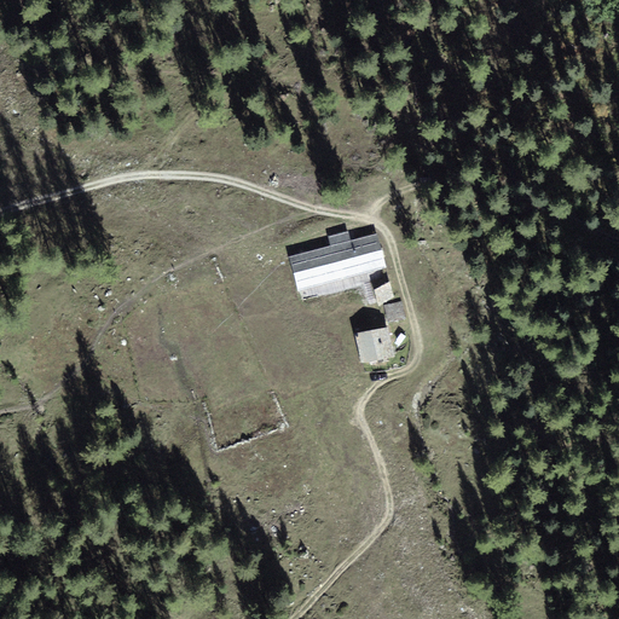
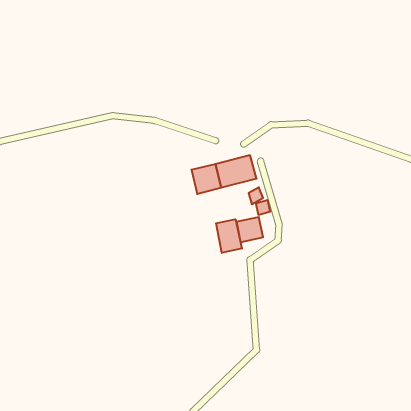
building: none -> [216,219,242,253]

